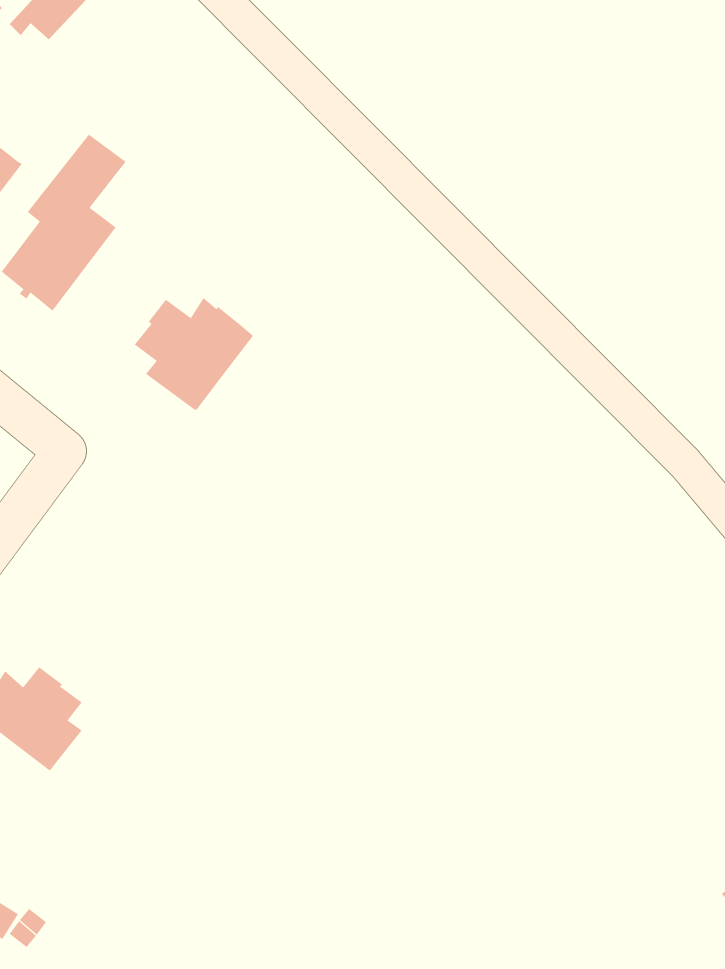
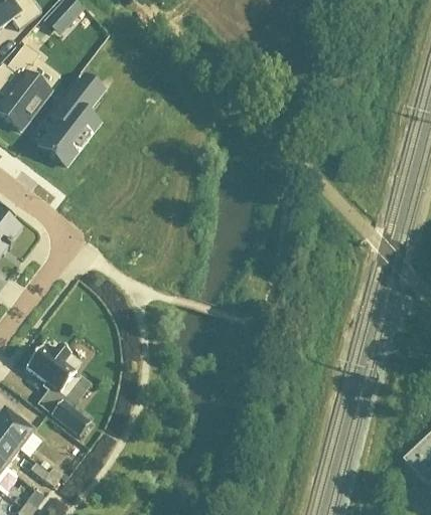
building: [134,297,254,411] -> none
building: none -> [50,398,91,436]

